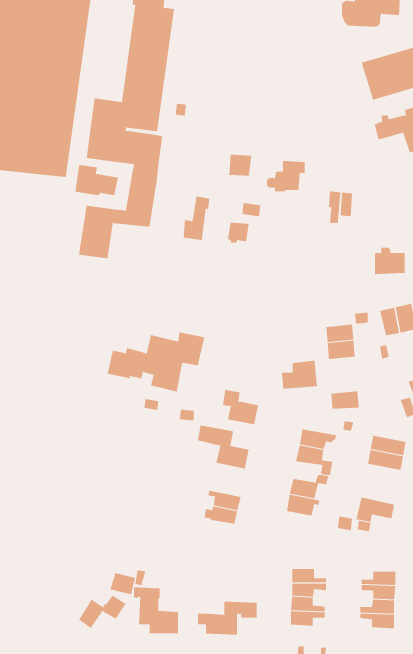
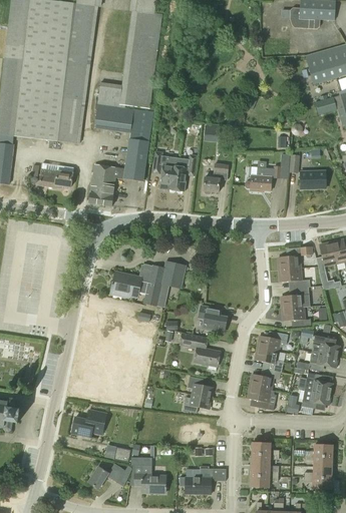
building: [266,161,306,192] -> [245,167,275,191]
building: [74,165,119,196] -> [39,163,73,187]
building: none -> [159,155,179,189]
building: [374,247,405,275] -> [301,167,325,188]
building: [281,360,318,389] -> [281,287,309,309]
building: none -> [305,372,333,394]
building: none -> [72,410,106,437]

